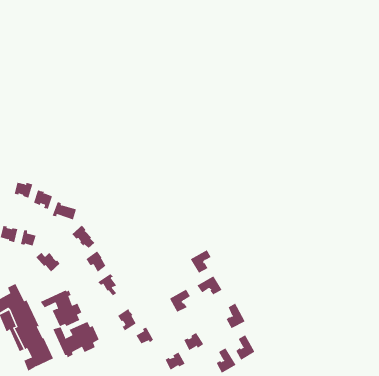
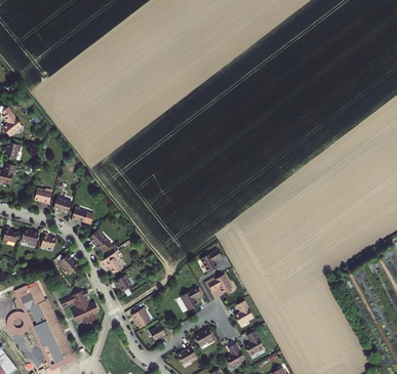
building: [52,321,100,358] -> none

